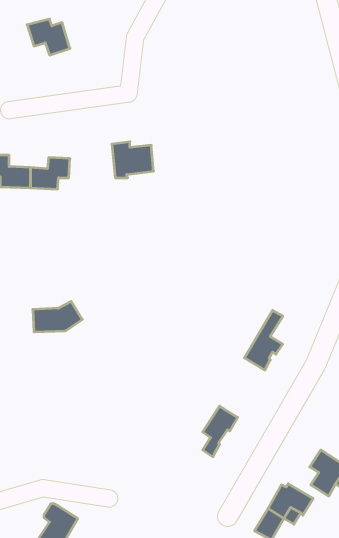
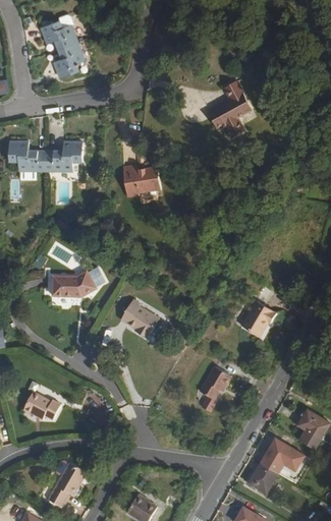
building: none -> [55,45,87,77]
building: none -> [214,86,254,142]
building: [112,142,154,178] -> [122,168,160,200]
building: none -> [121,297,159,337]
building: none -> [22,393,61,424]

